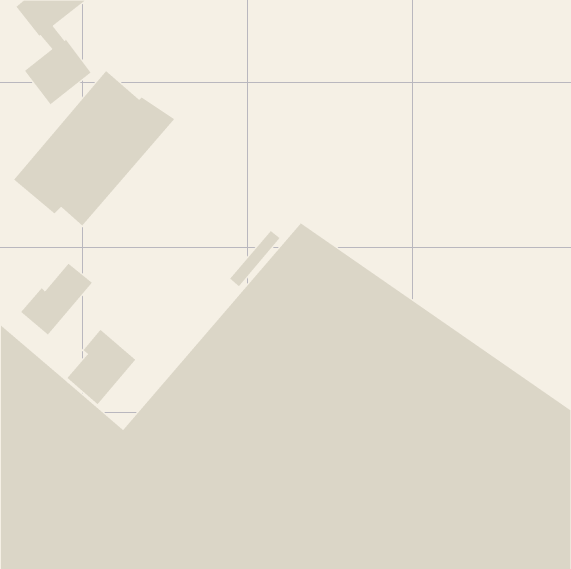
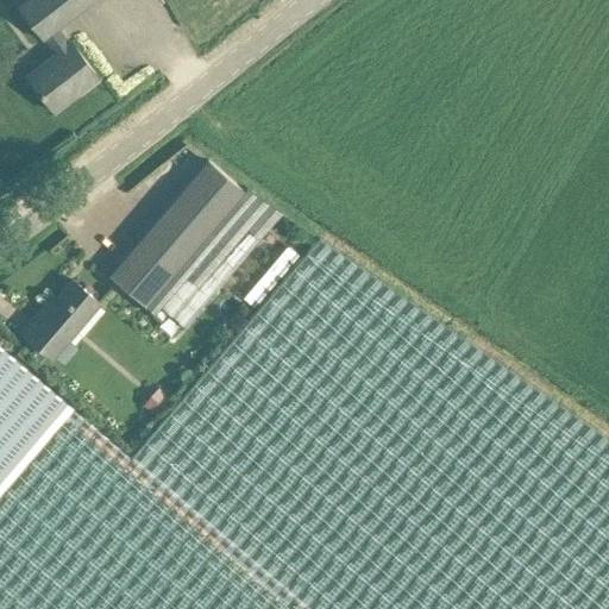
building: [13,70,175,227] -> [109,161,282,327]
building: [67,329,136,405] -> none

